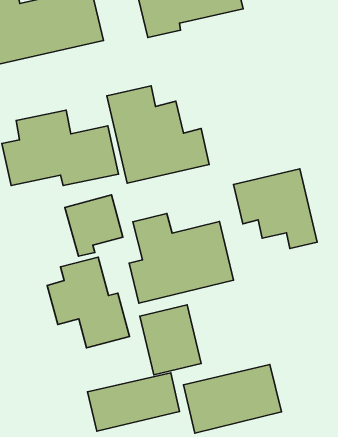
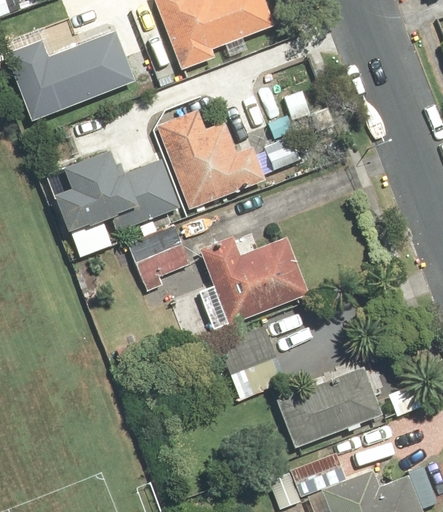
building: [233,169,317,249] -> none
building: [47,257,130,348] -> none
building: [88,373,180,431] -> none

